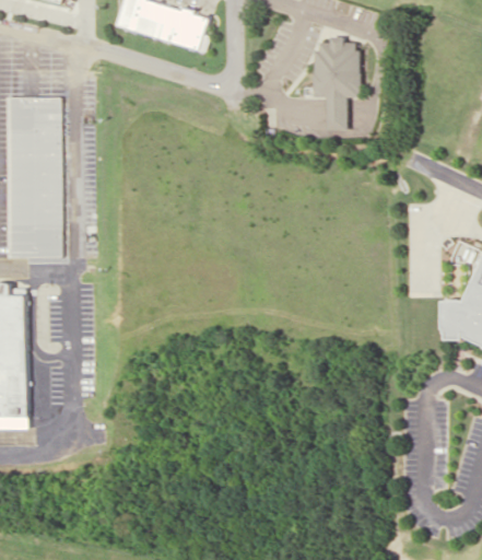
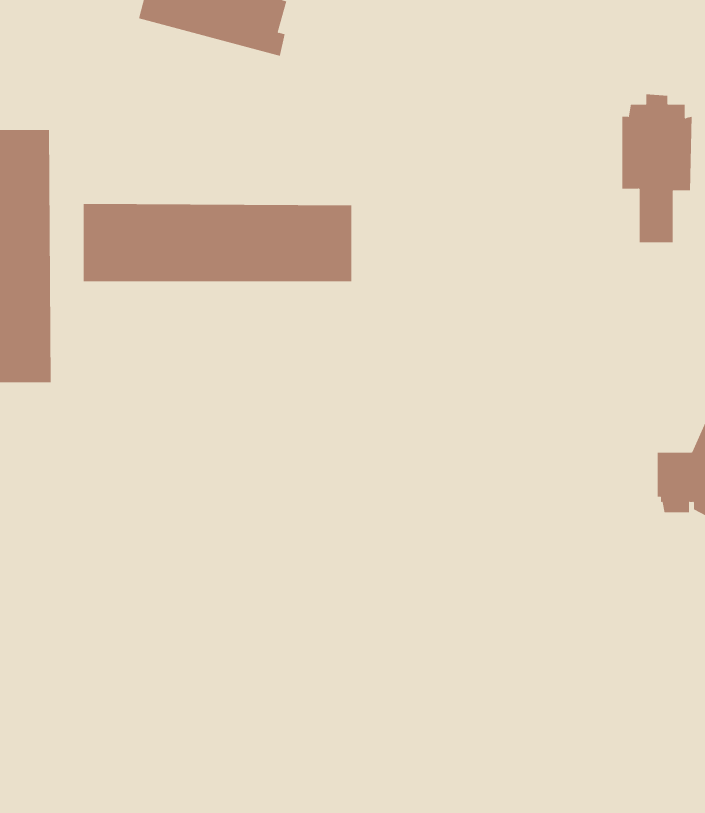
building: [316,37,361,131] -> [621,94,692,243]
building: none -> [83,203,352,282]

